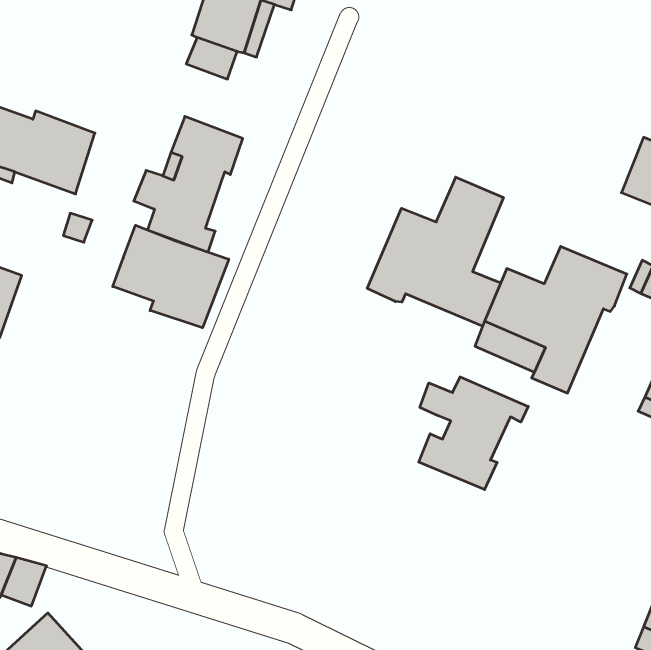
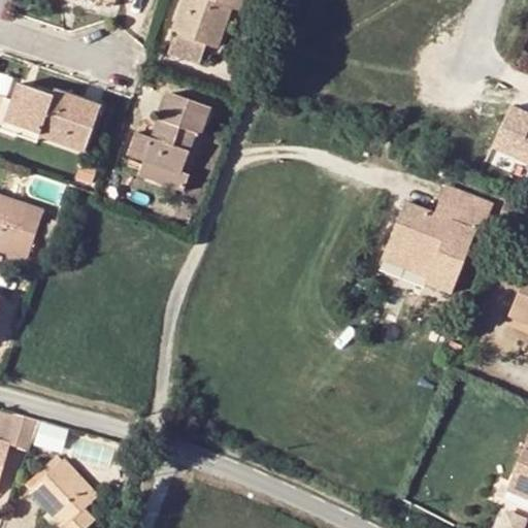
building: [367,177,503,326] -> none
building: [113,225,229,328] -> none
building: [419,377,528,490] -> none

